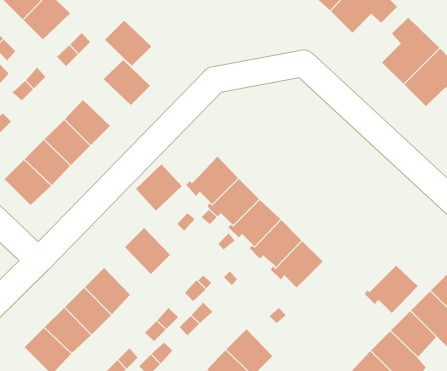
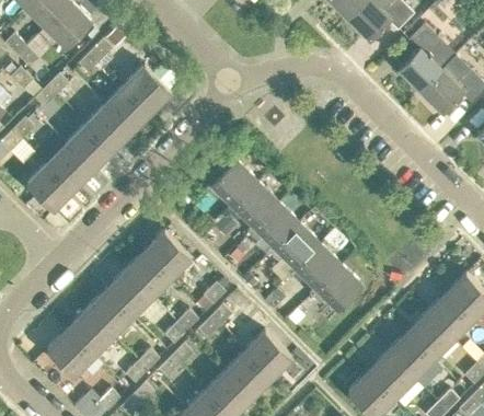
building: [104,20,152,67] -> [104,85,151,131]
building: [135,163,183,211] -> none
building: none -> [125,251,171,298]
building: [364,265,418,314] -> [309,265,362,313]

